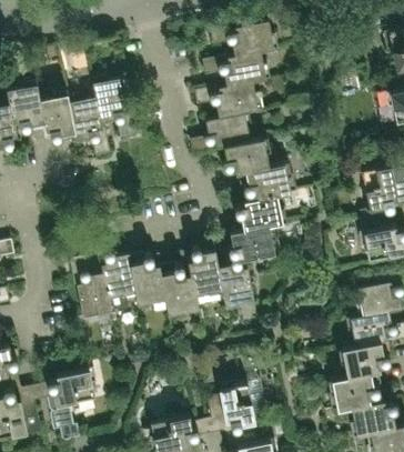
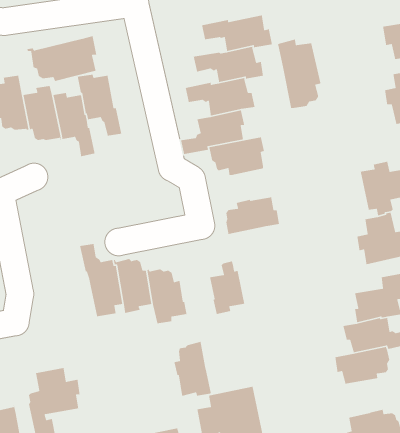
building: none -> [26,35,97,82]
building: none -> [277,39,323,109]
building: [240,162,296,199] -> none
building: [229,224,280,262] -> none
building: [186,242,223,295] -> [173,341,212,397]
building: [70,259,112,320] -> none
building: [329,370,382,411] -> none

